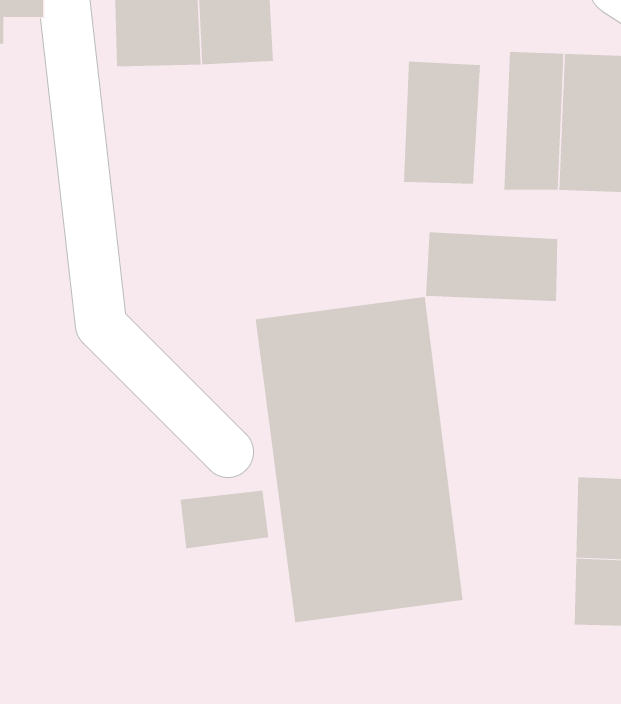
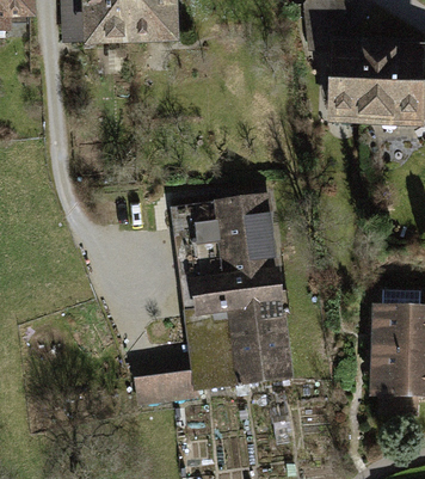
building: [403,61,480,185] -> none
building: [426,231,558,302] -> none
building: [180,490,269,549] -> [135,366,191,403]

